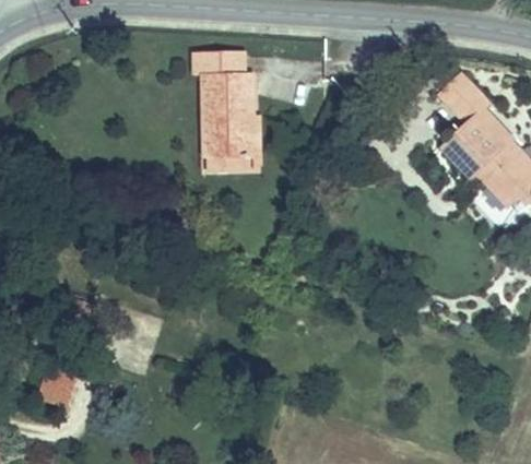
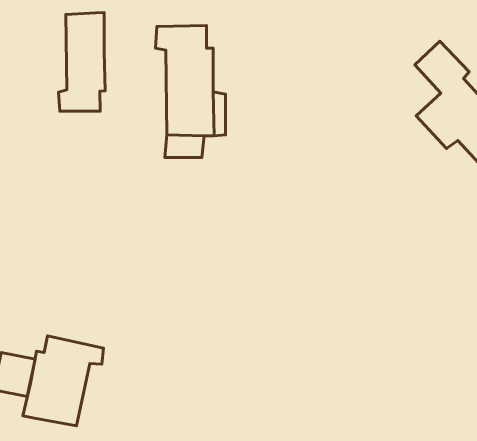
building: none -> [59,12,105,111]
building: none -> [23,336,103,426]

